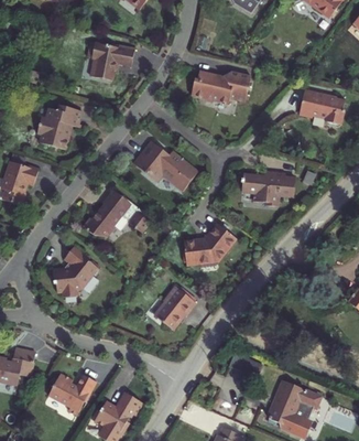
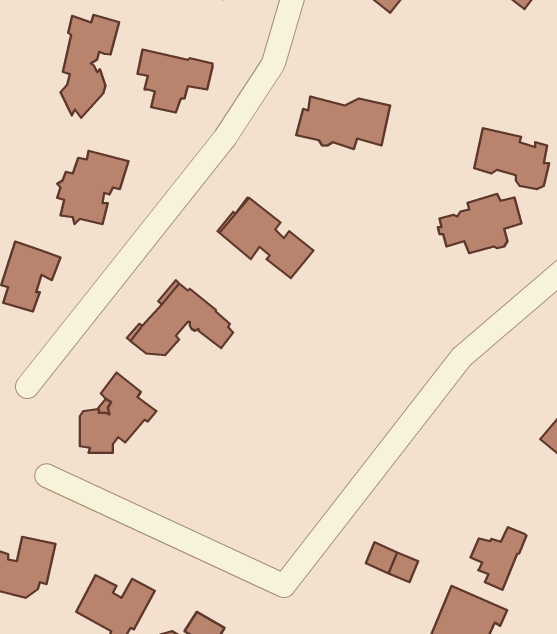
building: none -> [61,15,119,118]
building: [241,172,294,209] -> [438,194,522,253]
building: [183,223,237,263] -> none
building: [157,289,199,332] -> none
building: none -> [471,527,527,590]

